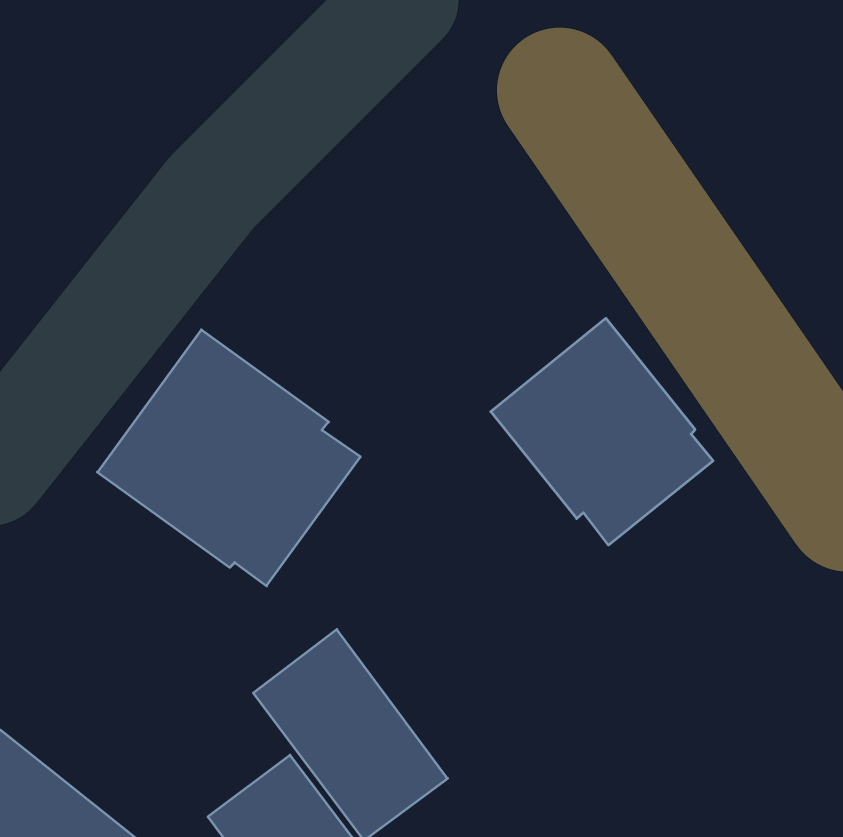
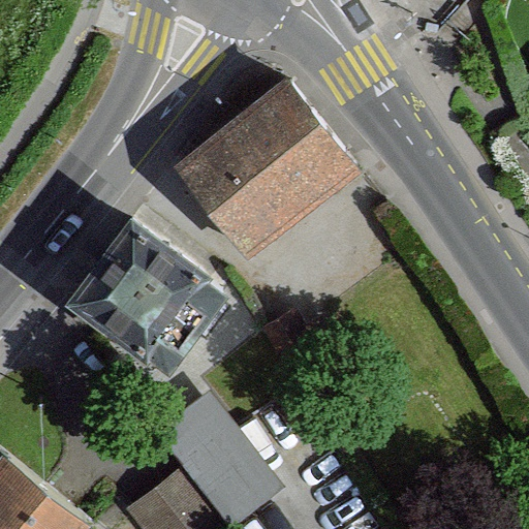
building: none -> [183,85,351,247]
building: [491,318,713,545] -> none

